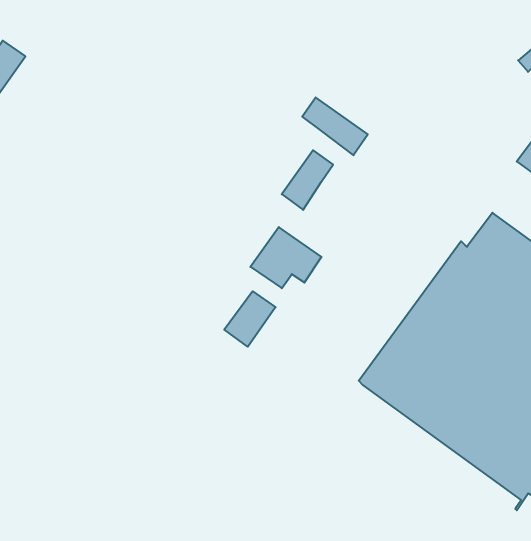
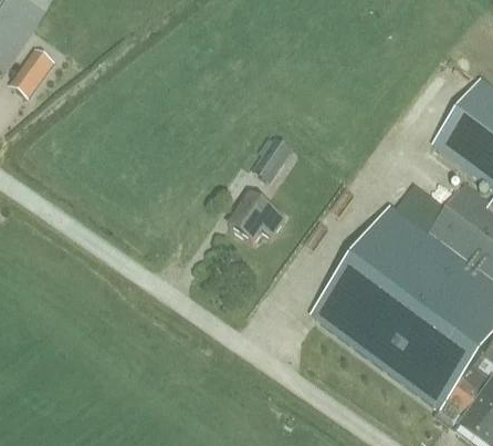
building: [302,97,368,155] -> none
building: [224,291,276,347] -> none

